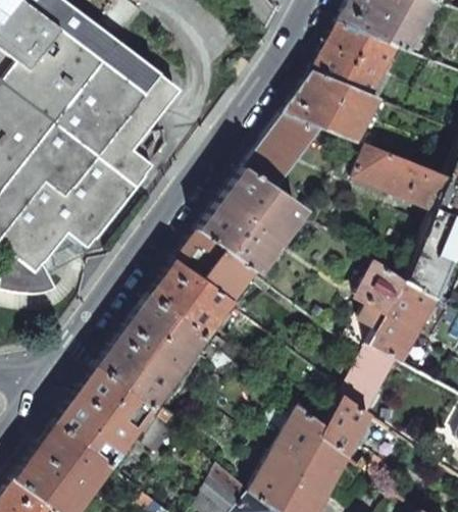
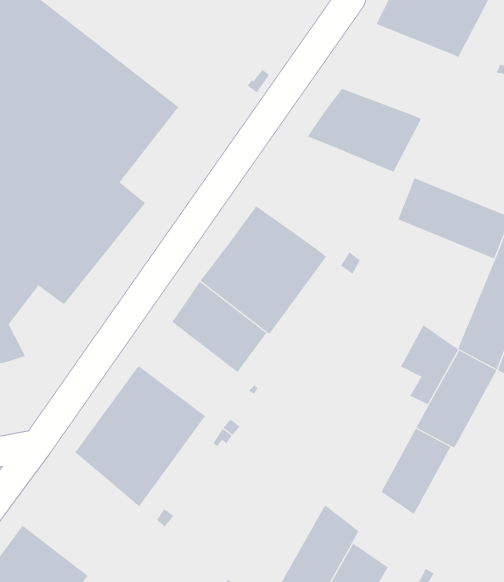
building: [311,23,395,96] -> none
building: [265,113,307,152] -> none
building: [243,145,290,191] -> none
building: [149,261,228,337] -> none
building: [56,365,150,464] -> none
building: [320,397,371,457] -> none

